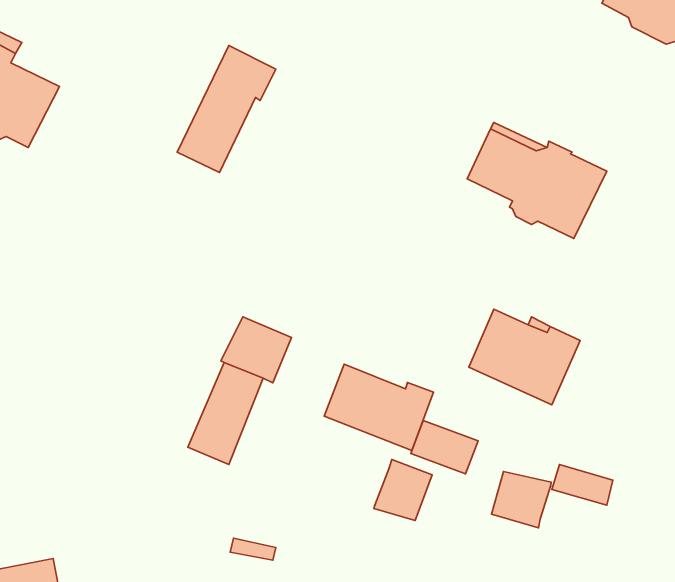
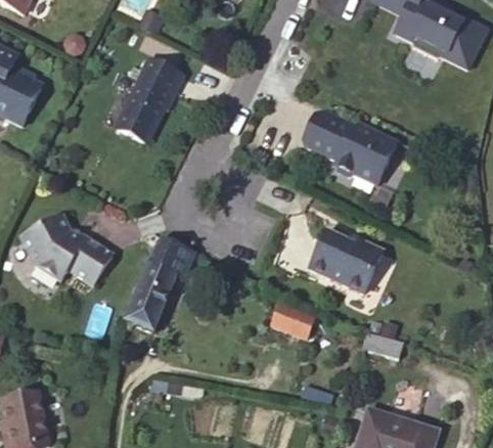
building: none -> [23,218,113,284]
building: [324,364,433,451] -> none
building: [374,459,432,521] -> none
building: [491,472,551,528] -> none

